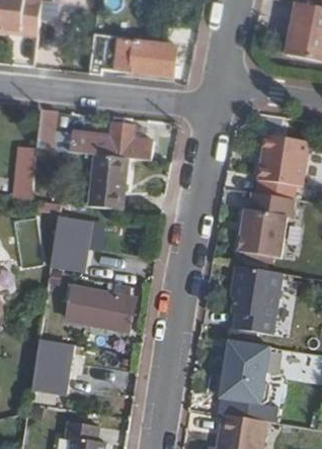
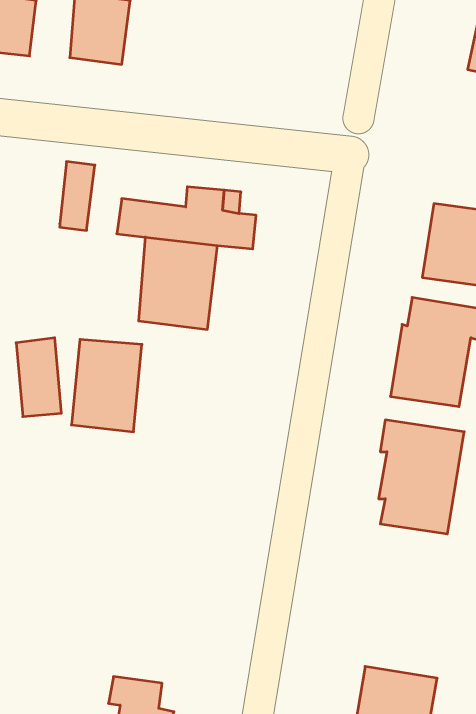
building: [91,32,181,78] -> none
building: [12,145,38,199] -> none
building: [66,283,138,331] -> none
building: [26,338,71,398] -> none
building: [220,340,270,403] -> none

